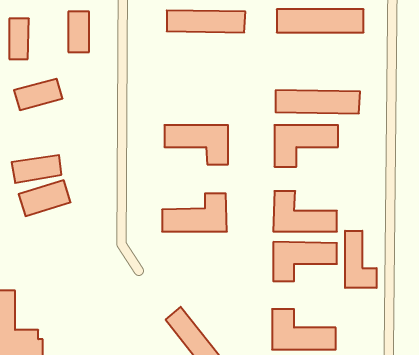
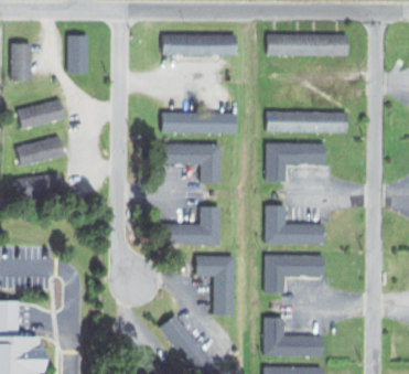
building: none -> [160,113,236,132]
building: [19,180,71,216] -> [14,133,64,168]
building: [345,231,377,288] -> none
building: none -> [194,256,234,314]

